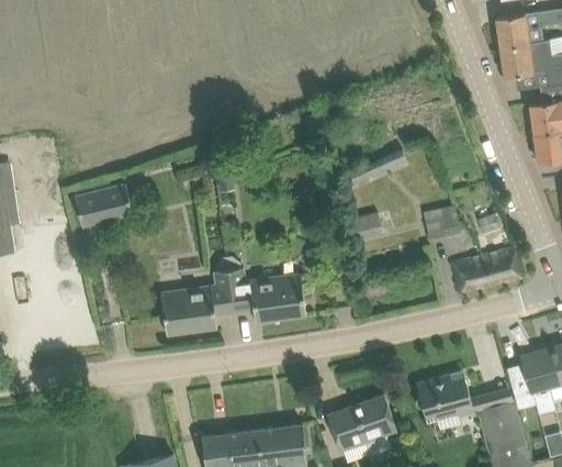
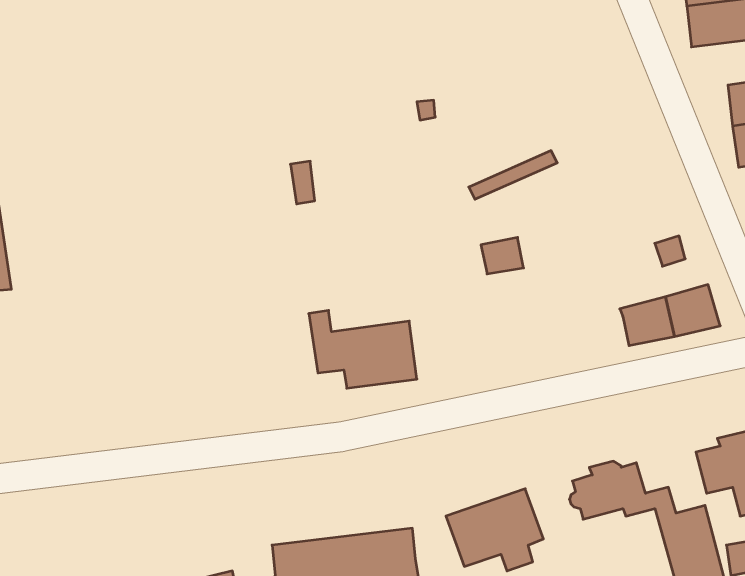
building: [75,184,134,226] -> none
building: [425,207,461,240] -> none
building: [161,269,235,335] -> none

